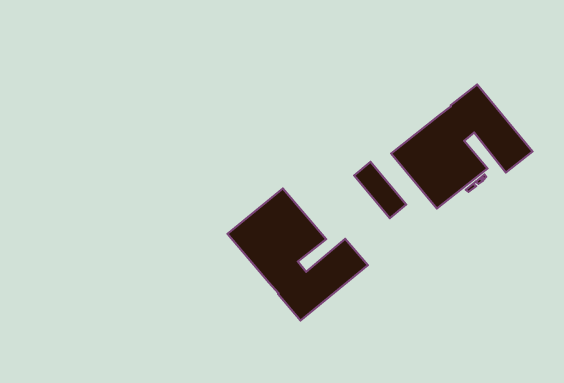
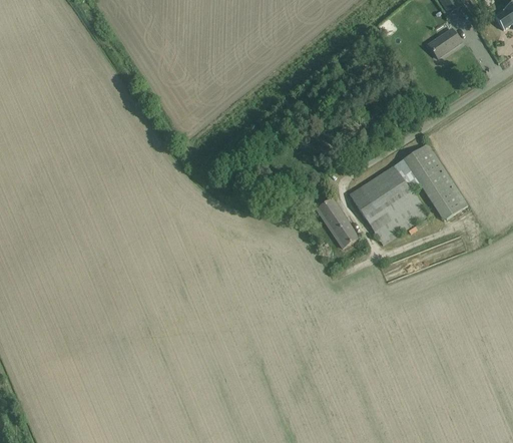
building: [228,188,368,320] -> none

